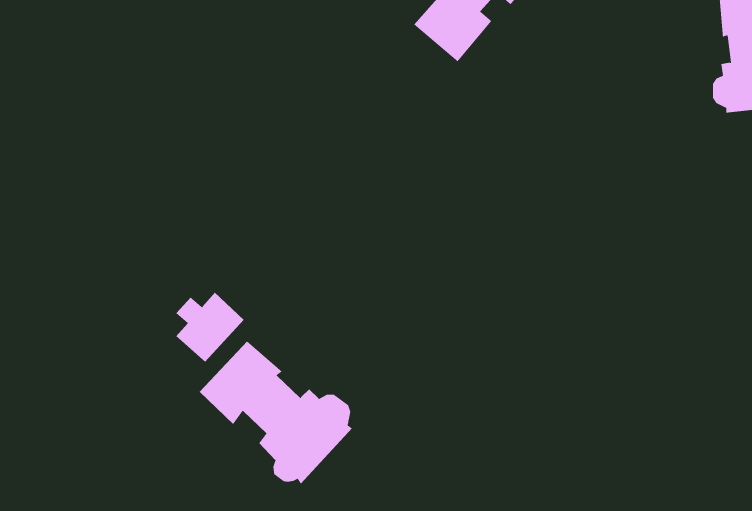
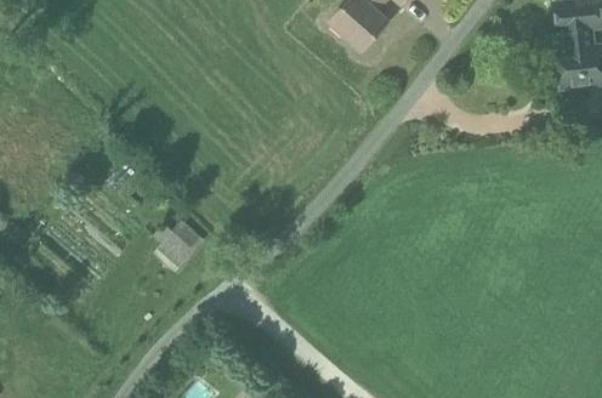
building: [199,341,353,485] -> none

